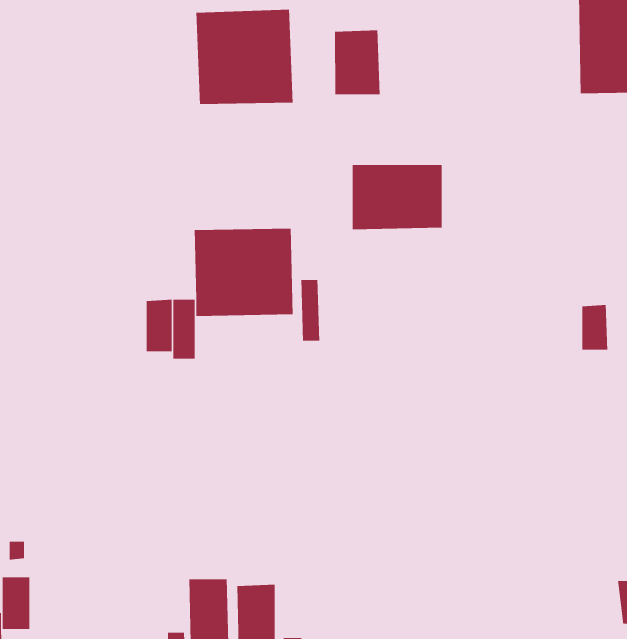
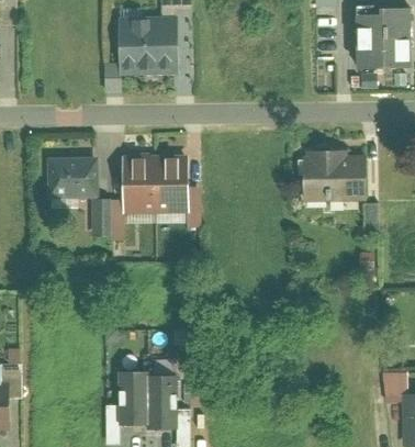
building: [334,29,381,95] -> none
building: [352,164,442,230] -> [304,155,360,195]
building: none -> [47,155,94,192]

